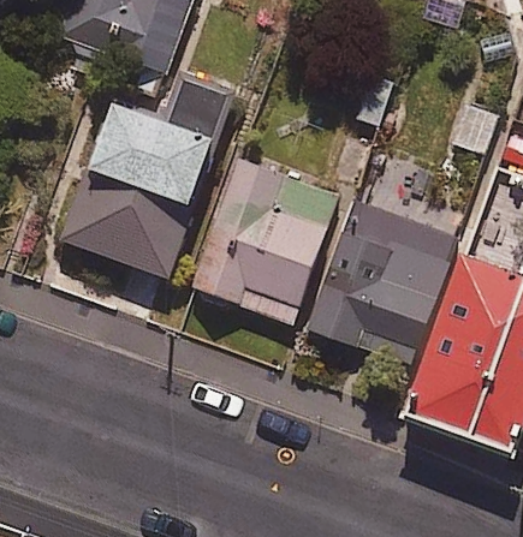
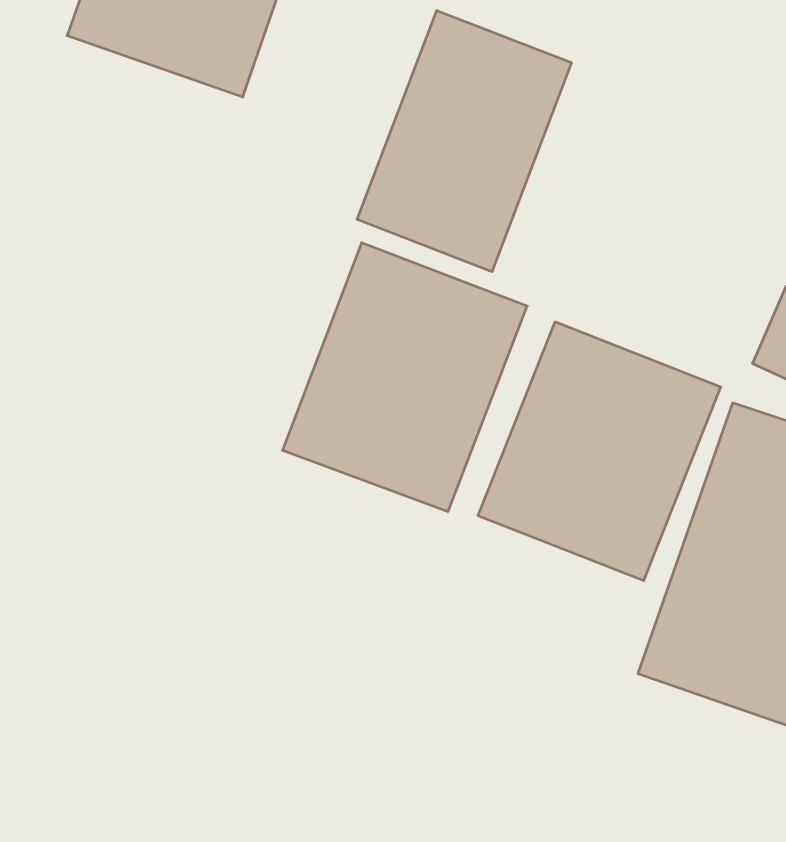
building: none -> [357,10,572,272]
building: [65,80,231,276] -> none

